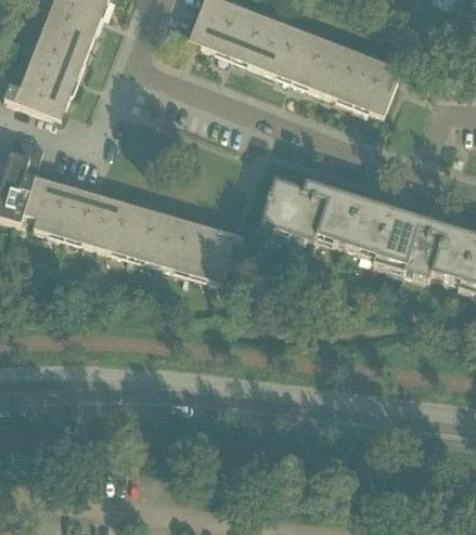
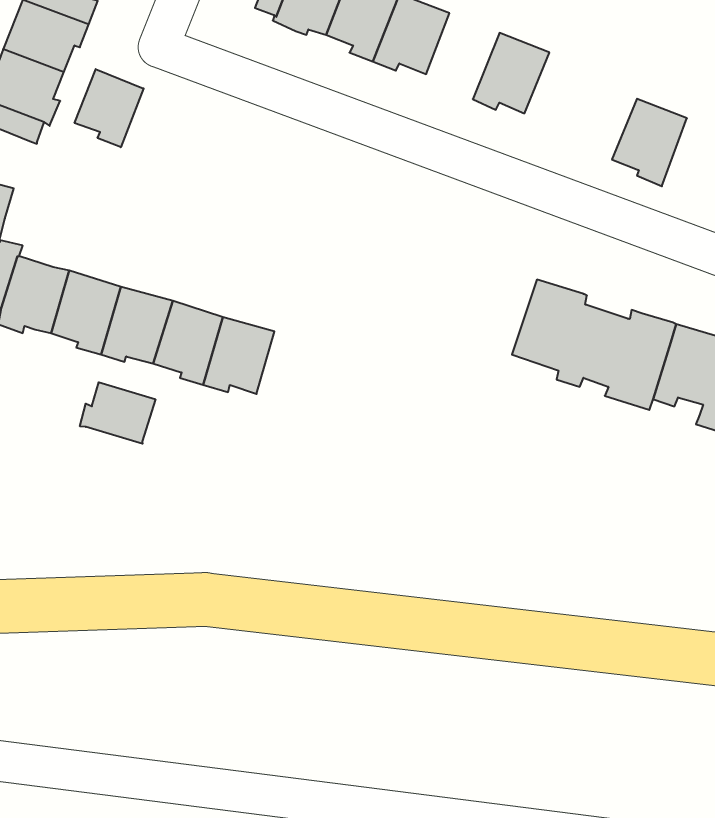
building: [294,37,338,89] -> none
building: [353,61,399,114] -> [612,99,687,186]
building: none -> [75,69,144,147]
building: [259,177,361,244] -> none
building: [191,230,234,280] -> none
building: none -> [80,382,155,444]

